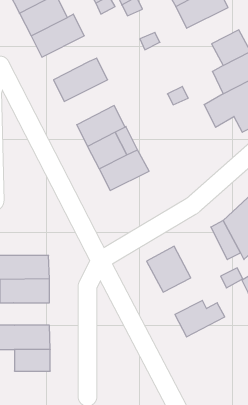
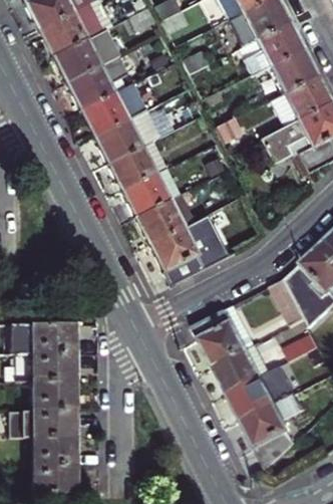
building: none -> [242,21,305,73]
building: none -> [67,55,128,108]
building: none -> [94,108,160,163]
building: none -> [149,219,219,285]
building: none -> [214,342,271,392]
building: none -> [33,377,76,405]
building: none -> [242,391,304,466]
building: none -> [34,460,77,486]

